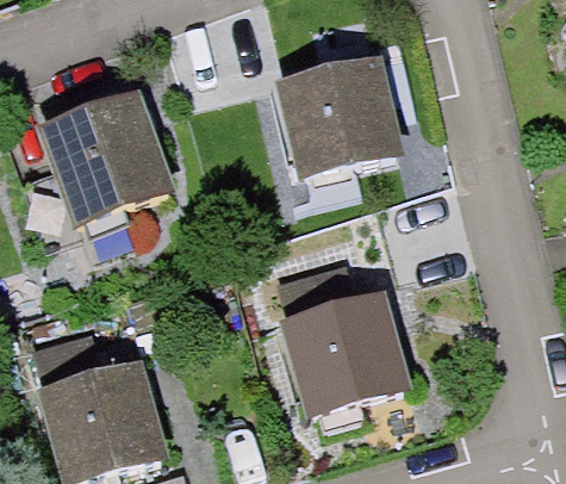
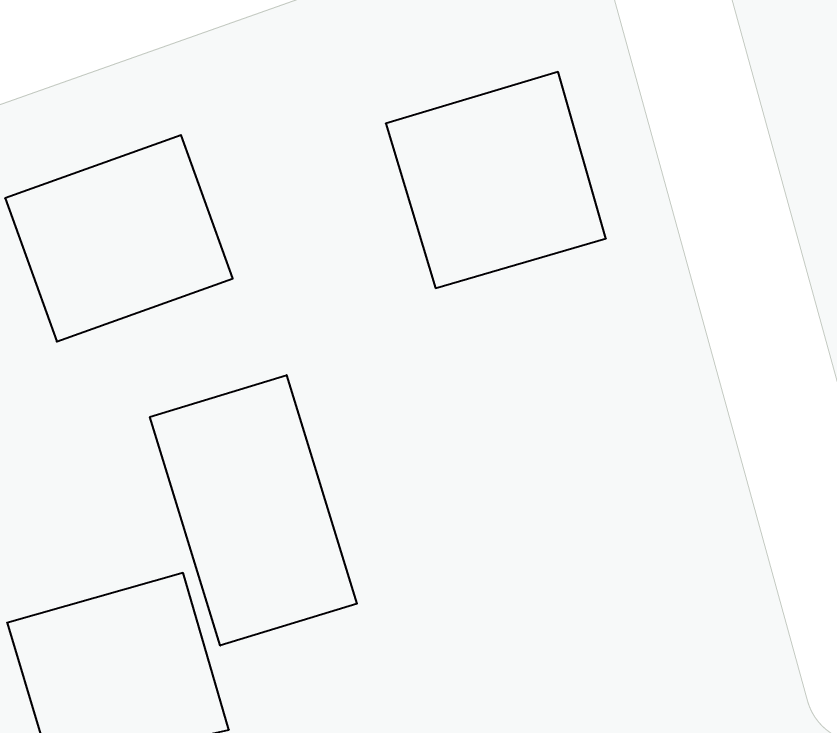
building: none -> [150,375,357,646]
building: [272,288,409,416] -> none

